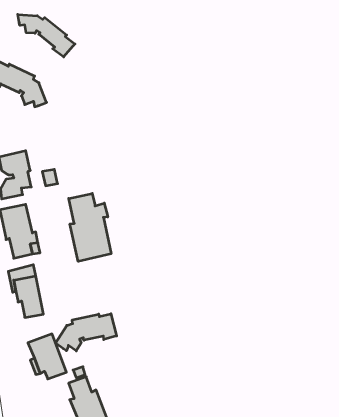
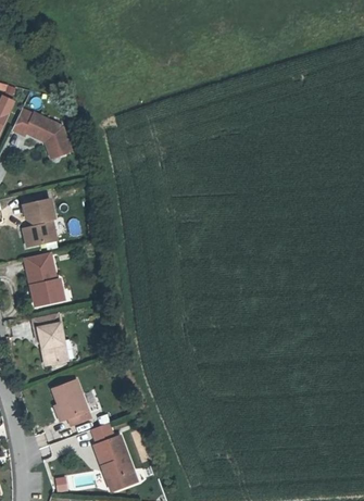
building: [18,14,75,57] -> none
building: [69,193,111,261] -> none
building: [56,314,117,351] -> none

